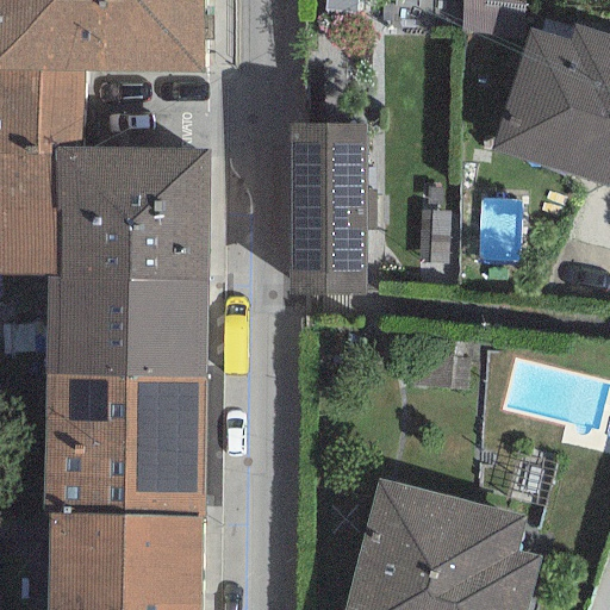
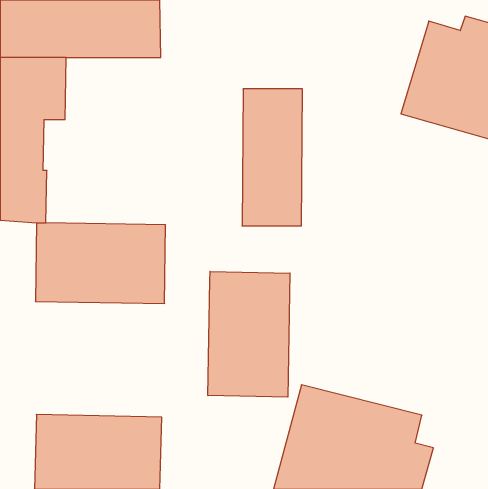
building: [55,149,210,280] -> none
building: none -> [208,271,290,397]
building: [43,375,206,519] -> none

